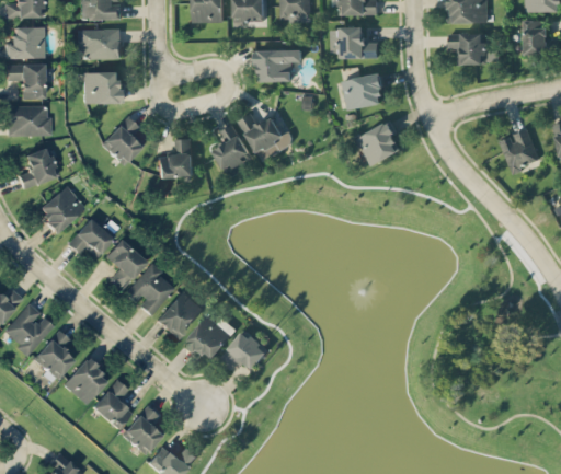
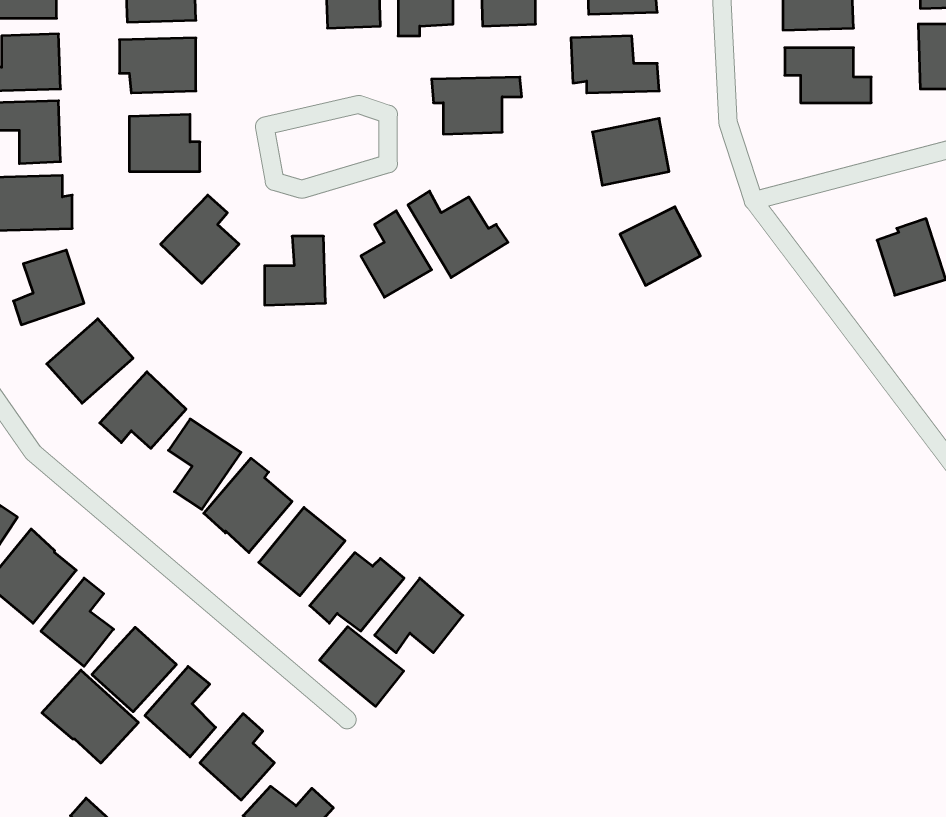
building: none -> [320,627,404,706]
building: none -> [42,670,138,763]

